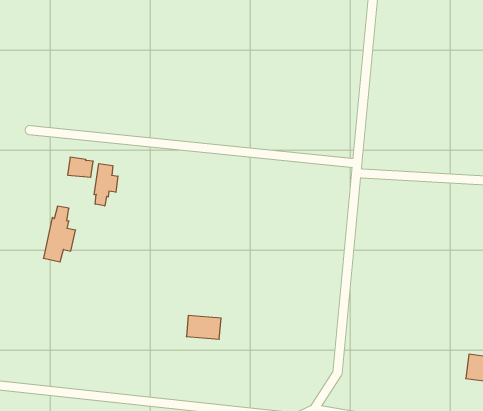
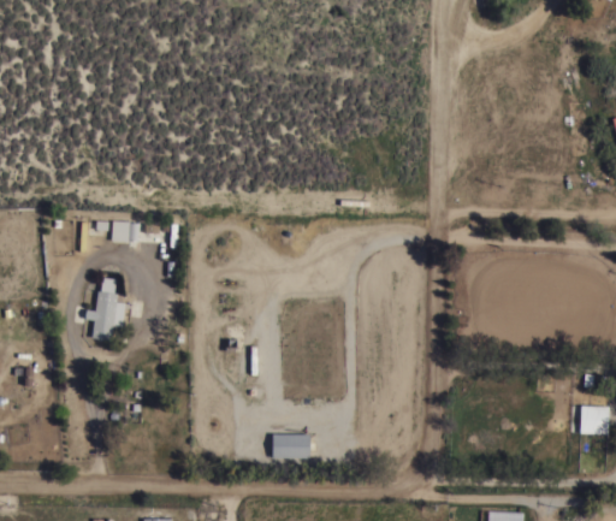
building: [94,164,118,206] -> none
building: [186,315,221,339] -> [272,434,309,458]

